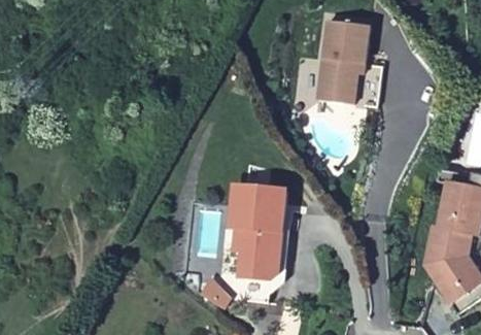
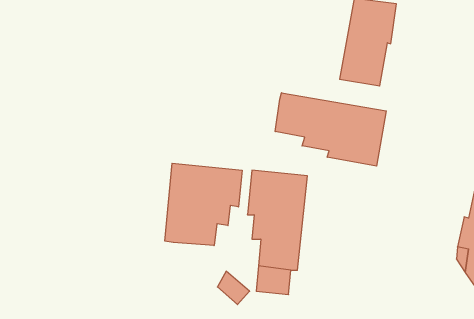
building: none -> [275,93,386,166]
building: none -> [165,163,242,246]

